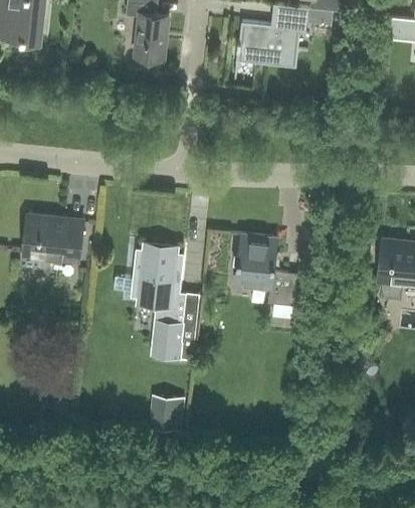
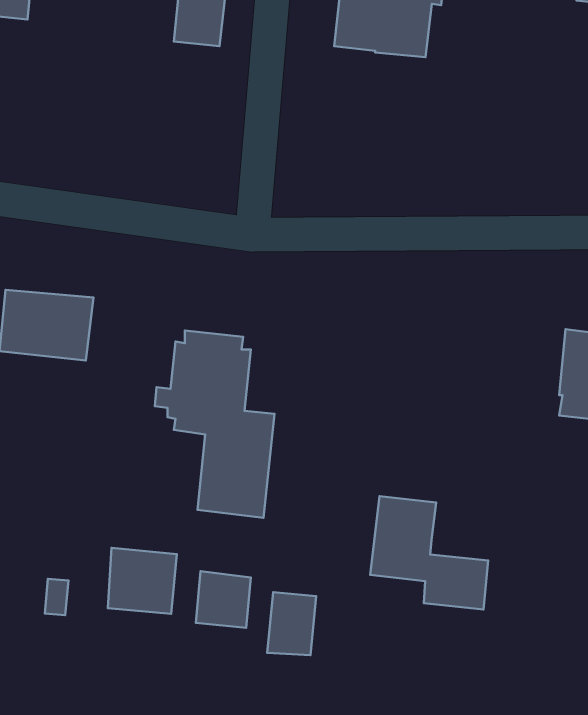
building: [234,234,309,307] -> [370,496,488,609]
building: none -> [108,548,177,614]
building: none -> [267,592,316,655]

